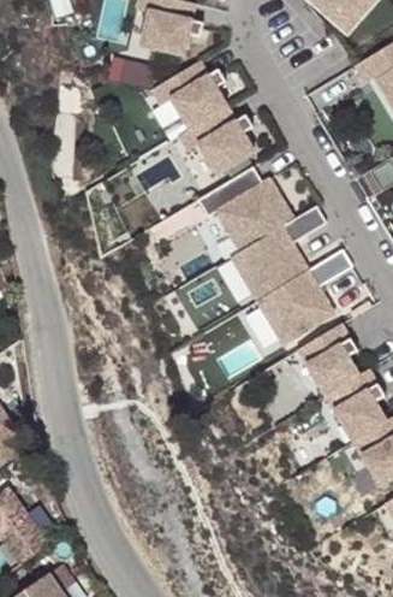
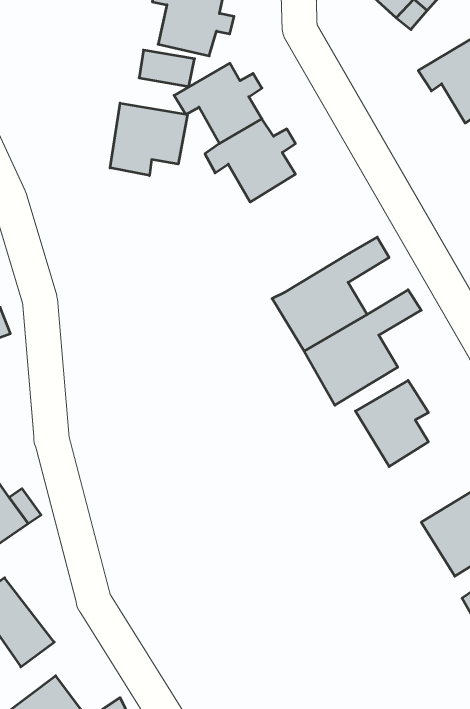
building: none -> [110,103,187,176]
building: [196,167,292,253] -> none
building: [324,370,385,442] -> none

